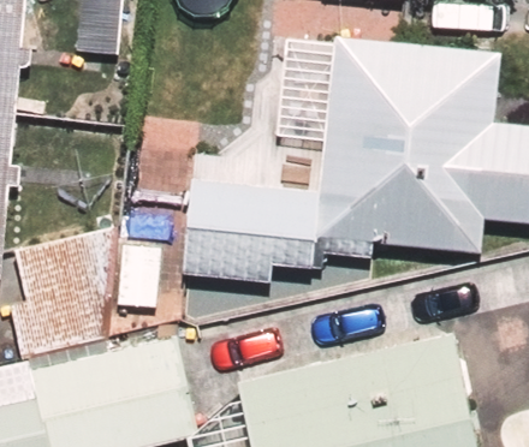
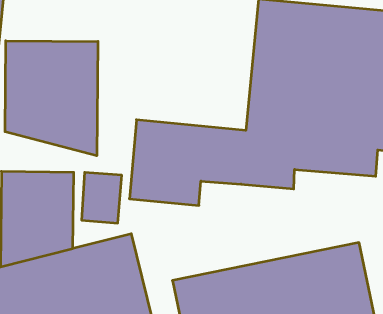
building: none -> [5,41,98,156]

